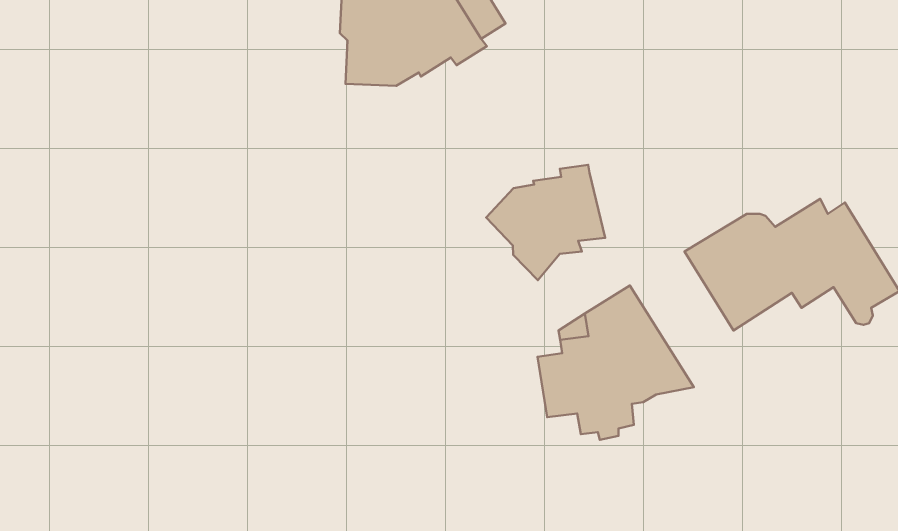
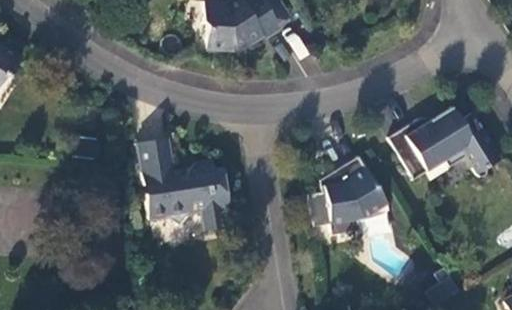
building: [486,165,605,280] -> none
building: none -> [136,137,229,230]

